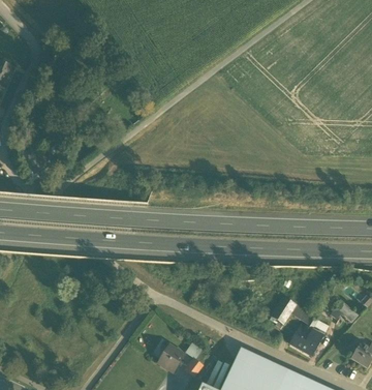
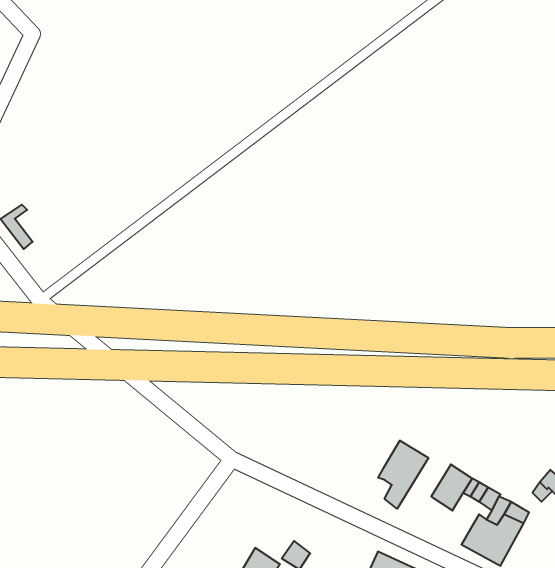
building: none -> [378,440,428,509]

